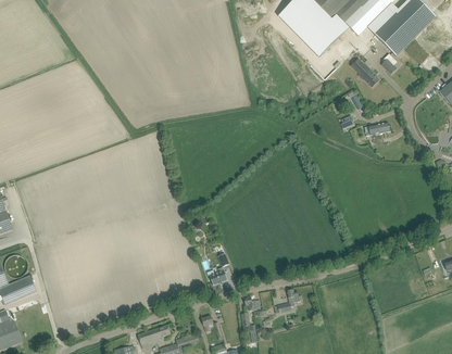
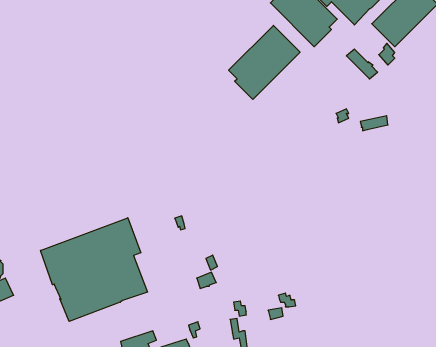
building: none -> [229,25,300,99]
building: none -> [41,218,147,321]

